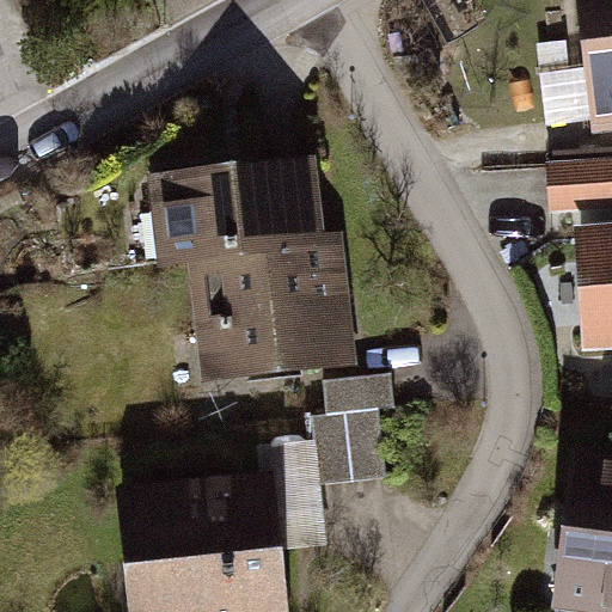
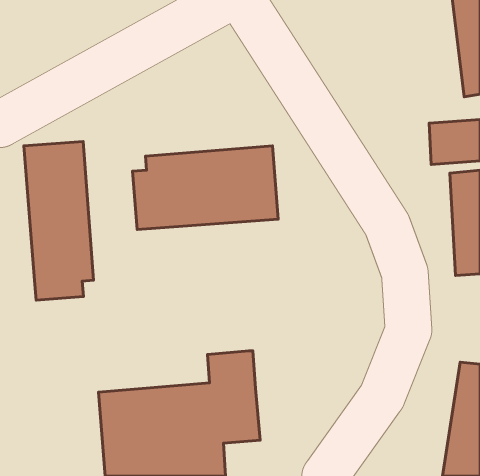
building: none -> [24,141,93,300]
building: [192,279,400,494] -> none

